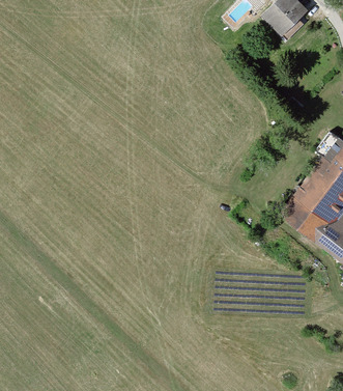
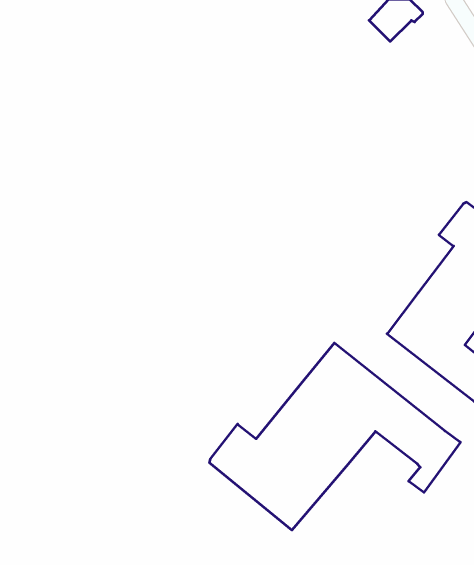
building: none -> [210,343,460,530]

